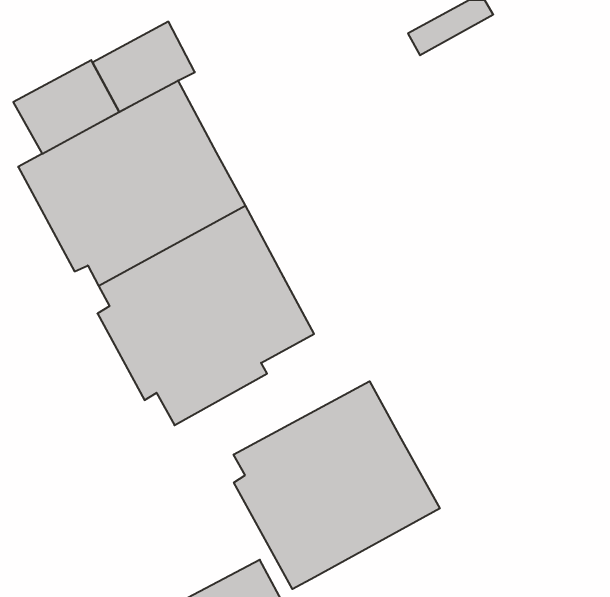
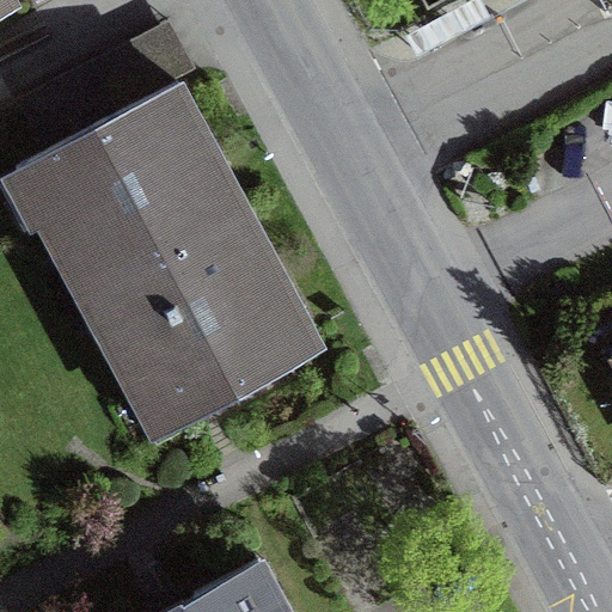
building: [234,381,440,589] -> none

